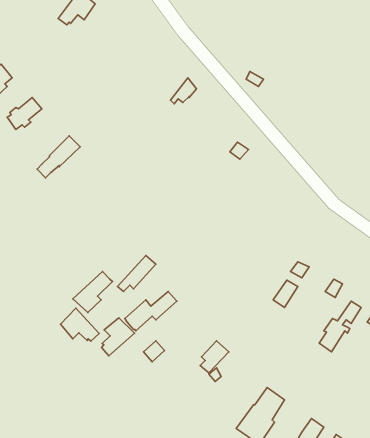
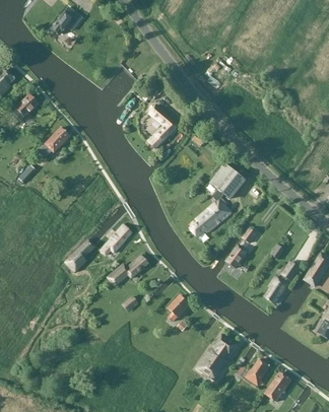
building: none -> [148,105,180,151]
building: none -> [190,163,245,237]
building: [60,308,99,341] -> none
building: [102,318,134,356] -> none

